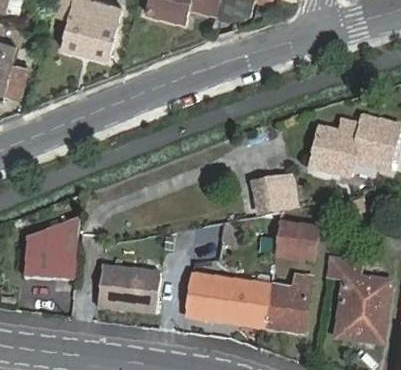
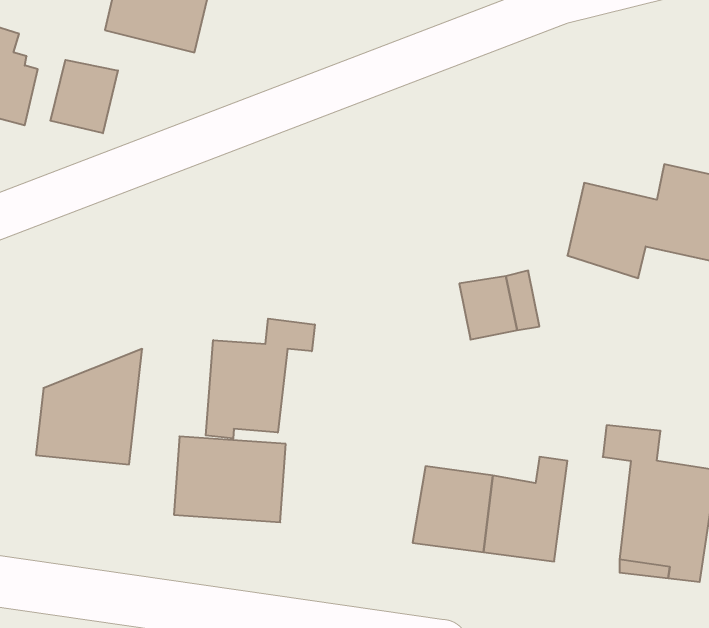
building: none -> [50,60,118,133]
building: none -> [206,319,315,439]
building: [273,204,319,258] -> none
building: [186,275,233,322] -> none

